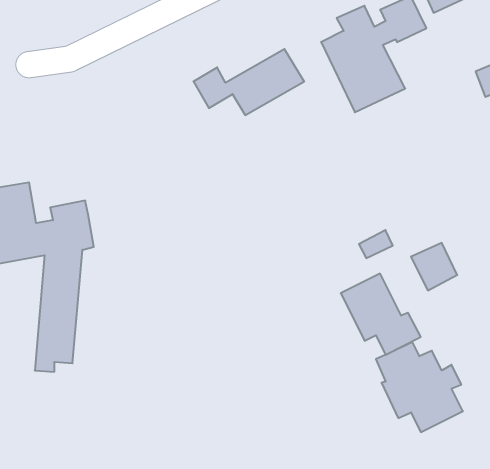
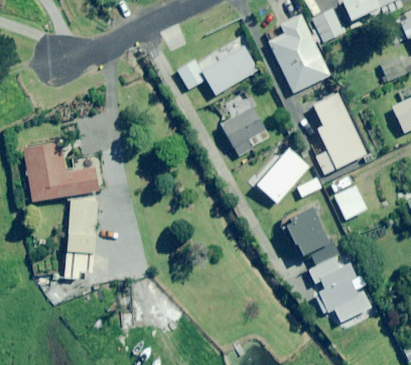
building: none -> [312,93,366,173]
building: none -> [220,95,269,154]
building: none -> [255,147,308,203]

